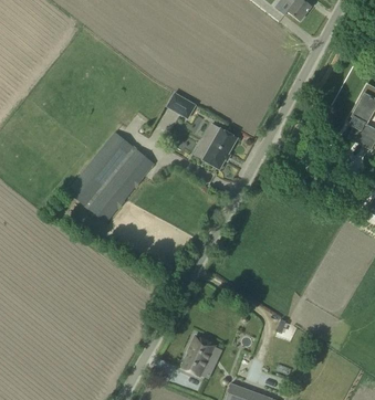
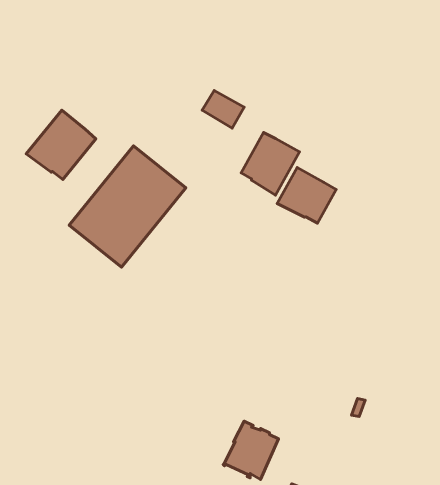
building: none -> [26,110,96,180]
building: none -> [277,168,336,223]

